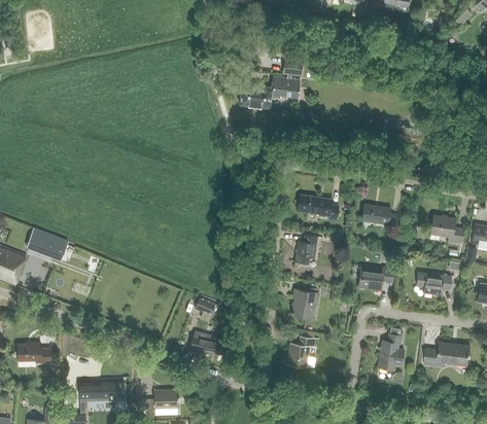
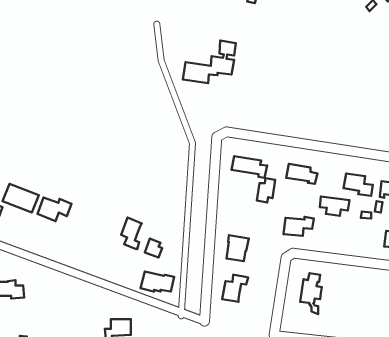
building: [294,235,316,263] -> [257,178,275,202]
building: none -> [38,197,72,221]
building: none -> [121,217,142,249]
building: [417,273,452,295] -> [320,197,349,216]
building: [423,342,469,366] -> none
building: [79,380,125,400] -> none

